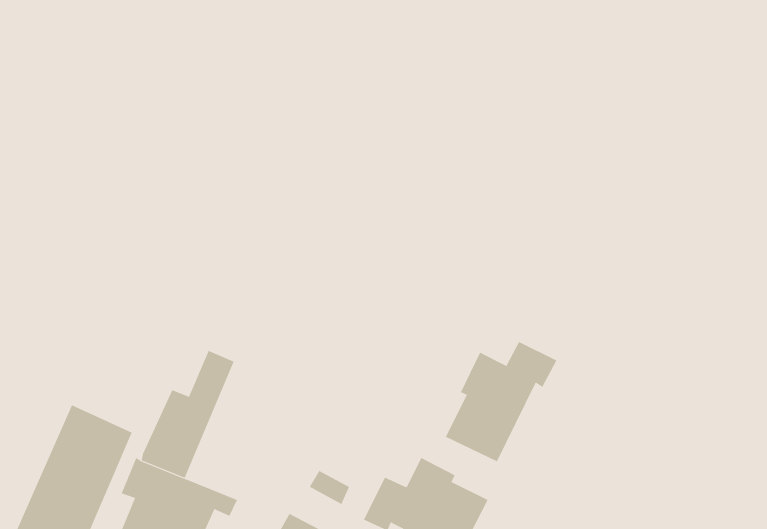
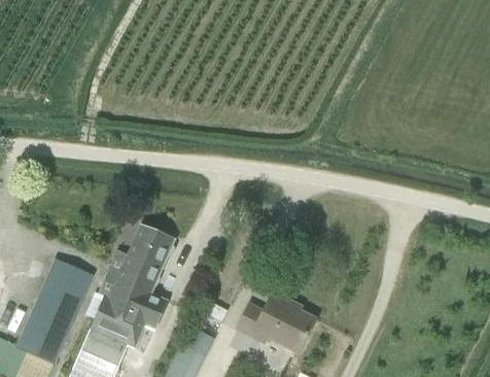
building: [445,341,557,462] -> none
building: none -> [126,232,173,318]

